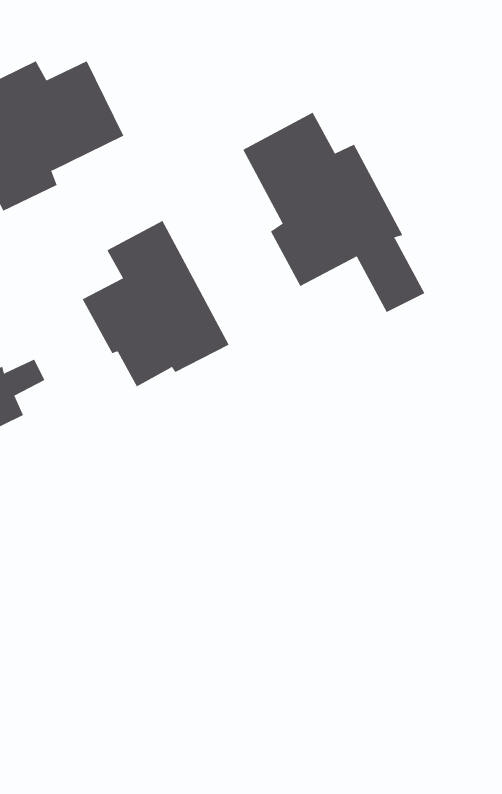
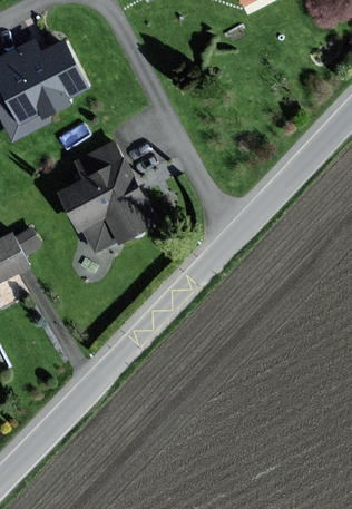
building: [242,112,425,313] -> none

